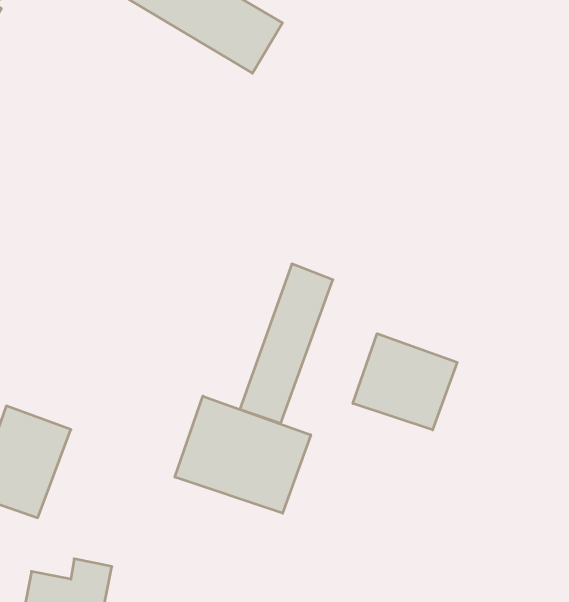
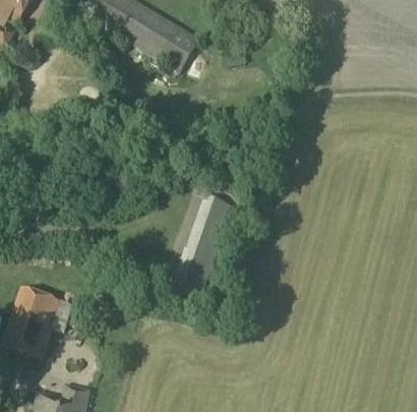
building: [353,334,457,430] -> none
building: [175,396,311,513] -> none

